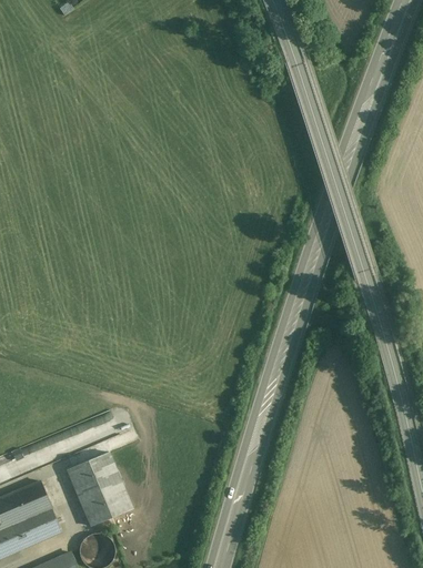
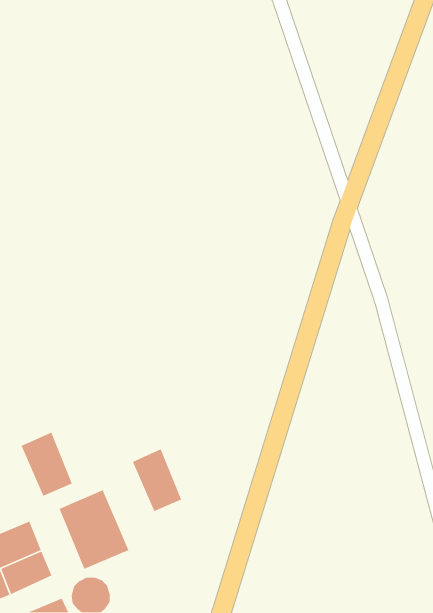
building: none -> [20,431,73,497]
building: none -> [132,448,182,512]

